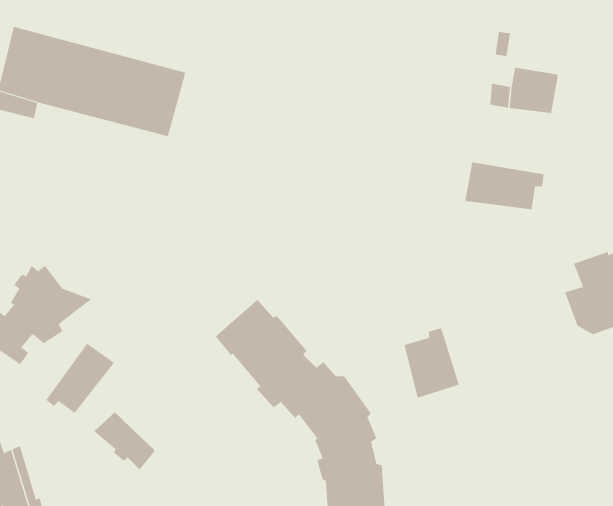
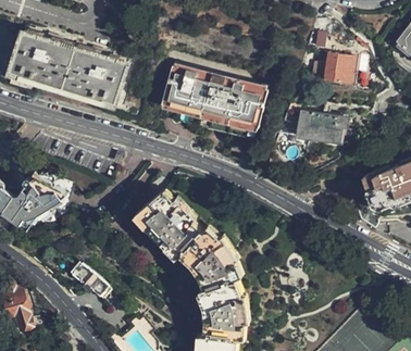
building: none -> [158,65,266,143]
building: [404,327,459,398] -> none
building: [45,343,115,414] -> none

